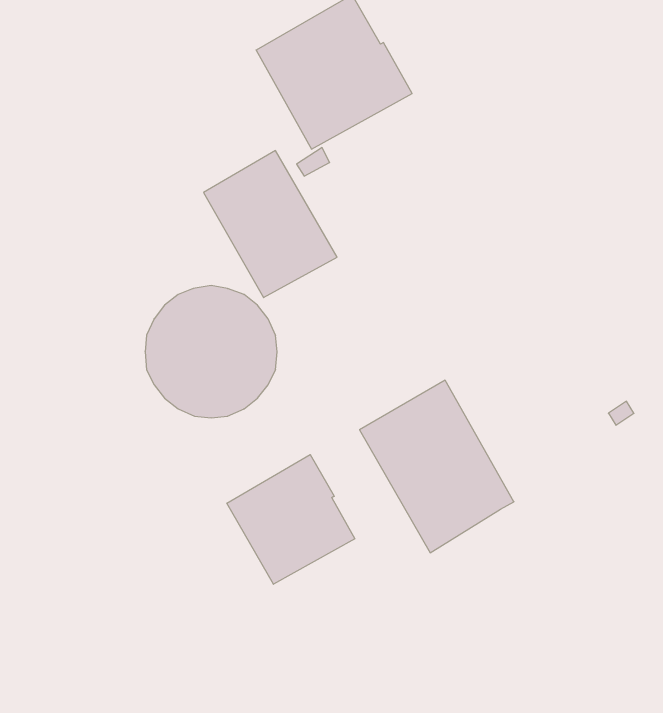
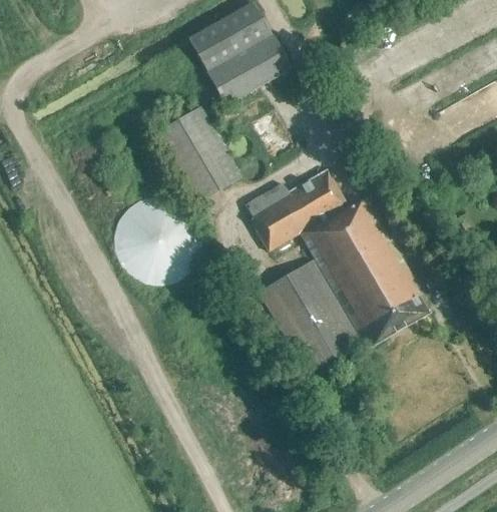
building: none -> [244,167,428,348]
building: [227,455,355,584] -> none

